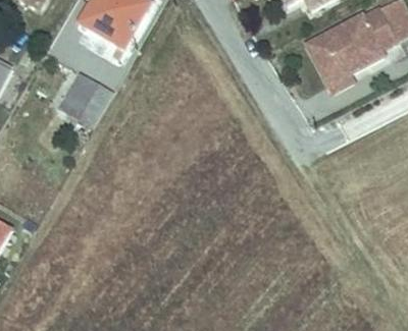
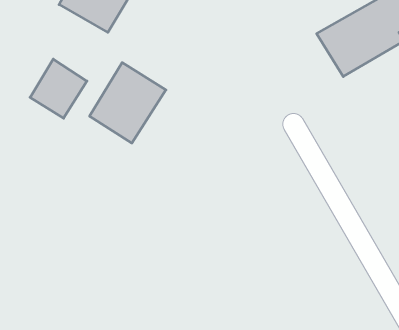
building: none -> [90,63,166,143]

